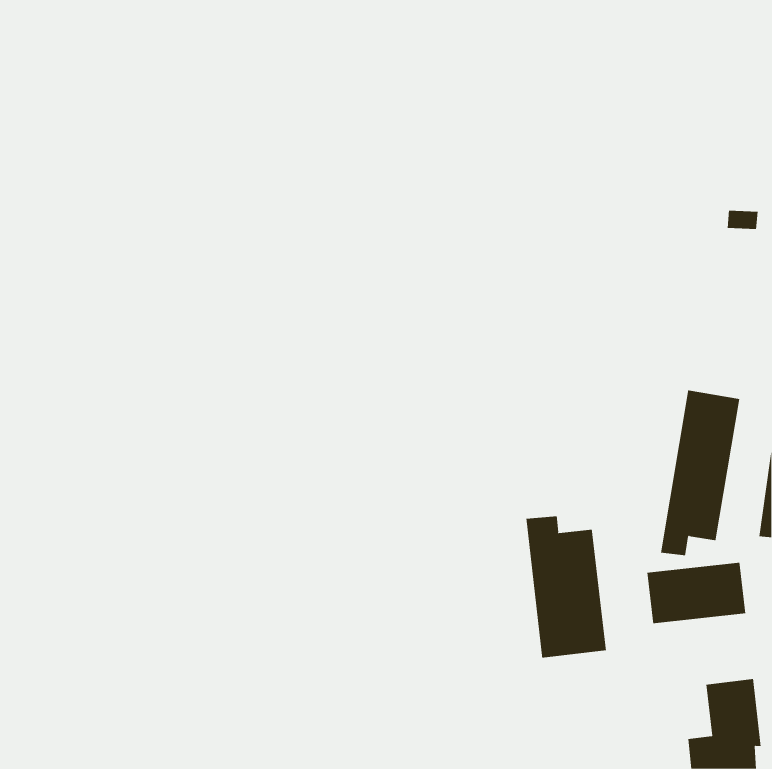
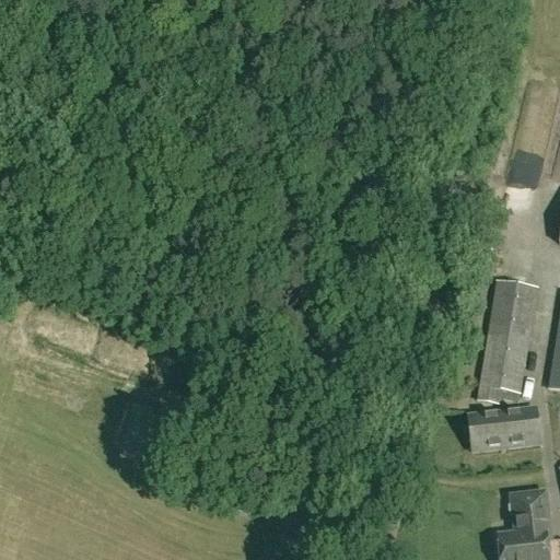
building: [526,516,606,658] -> none

